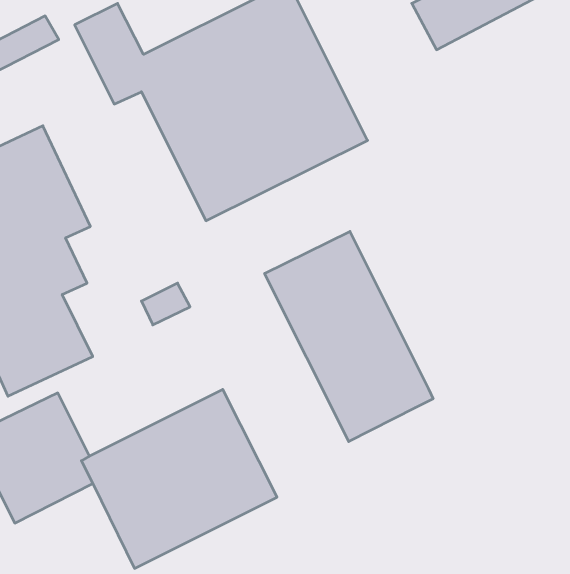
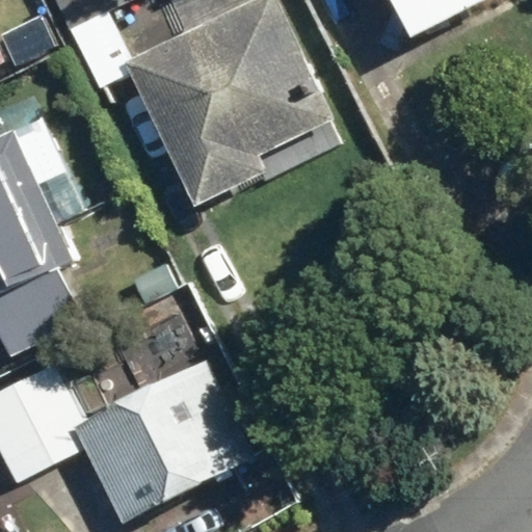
building: [265,231,433,442] -> none

